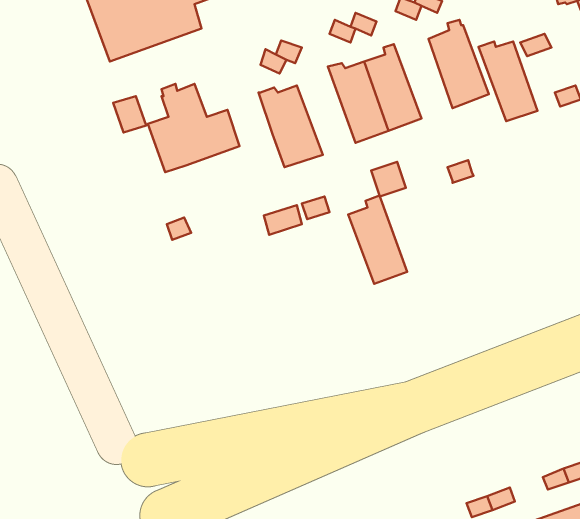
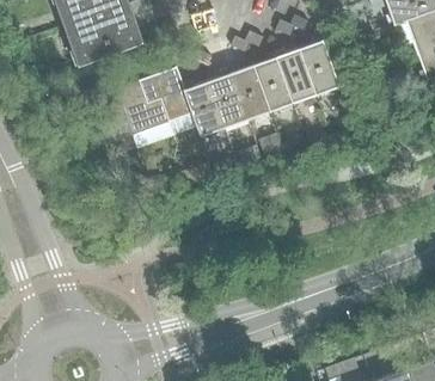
building: [479,41,537,121] -> [275,49,315,104]
building: none -> [137,62,191,123]
building: [348,195,407,284] -> [208,68,249,129]

